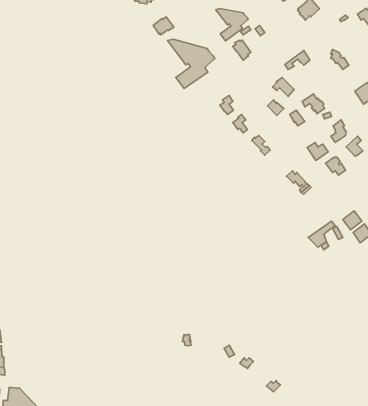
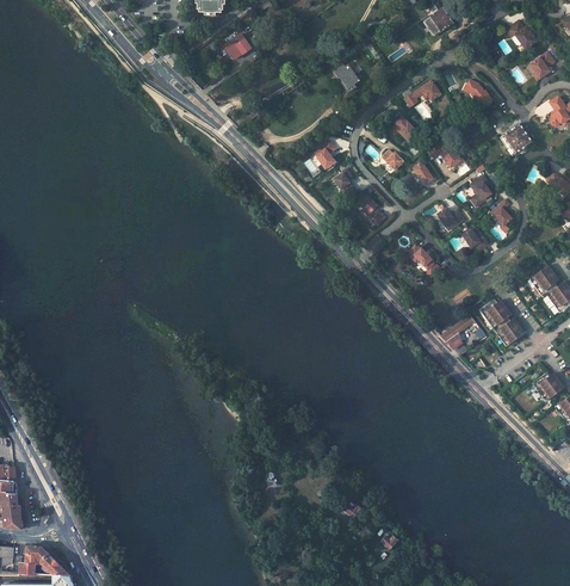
building: [216,9,248,41] -> none
building: [168,39,215,88] -> none

